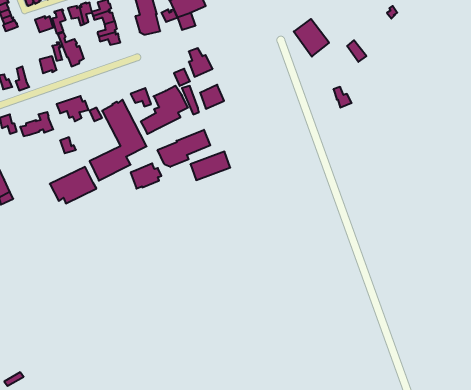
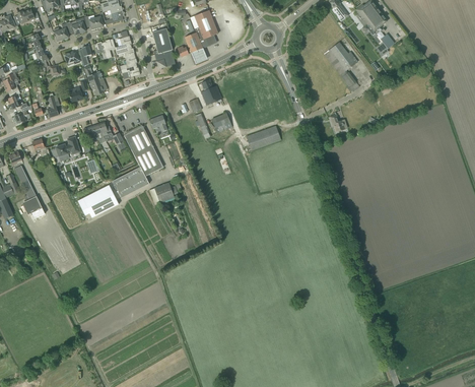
building: [294,19,329,57] -> [324,42,355,75]
building: [141,86,188,134] -> none
building: [158,130,210,167] -> none
building: [190,152,230,180] -> [246,125,281,150]

